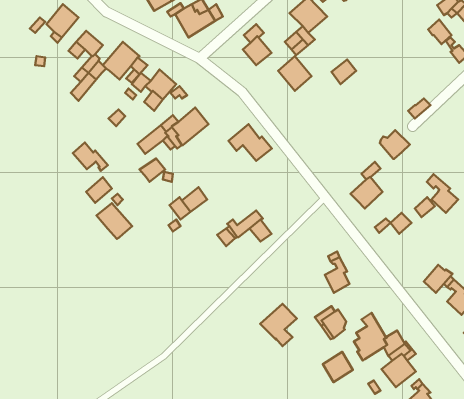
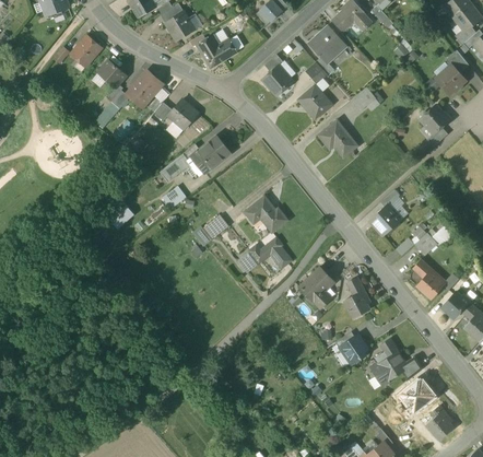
building: none -> [436,65,464,93]
building: none -> [318,121,355,156]
building: [229,124,272,161] -> [245,196,287,232]
building: [380,130,410,159] -> [420,105,449,133]
building: [73,143,108,171] -> none
building: [427,174,458,213] -> [413,260,444,298]
building: [97,203,132,239] -> none
building: [260,304,297,346] -> [298,267,334,308]
building: [323,352,353,382] -> none

